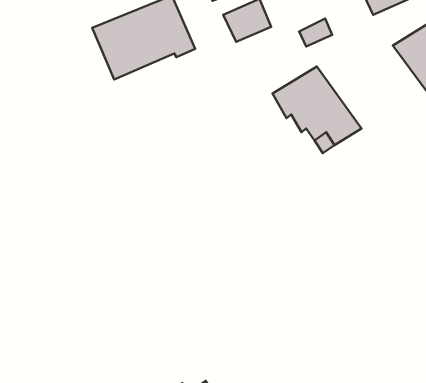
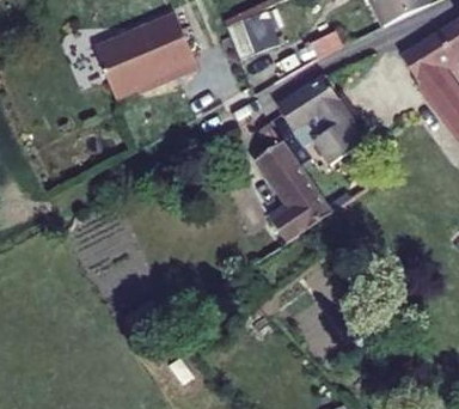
building: none -> [257,126,332,250]

